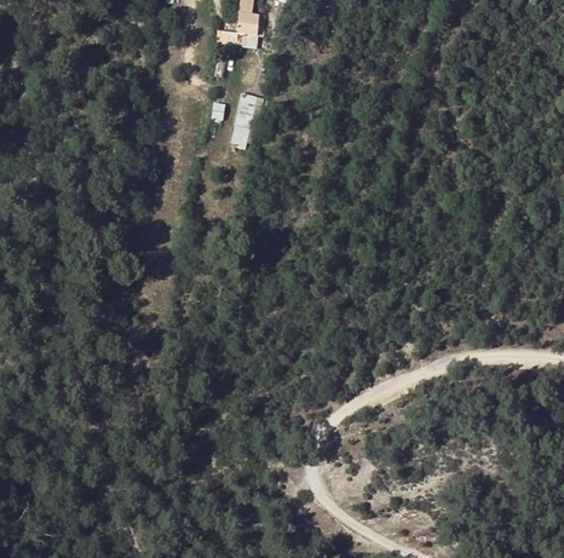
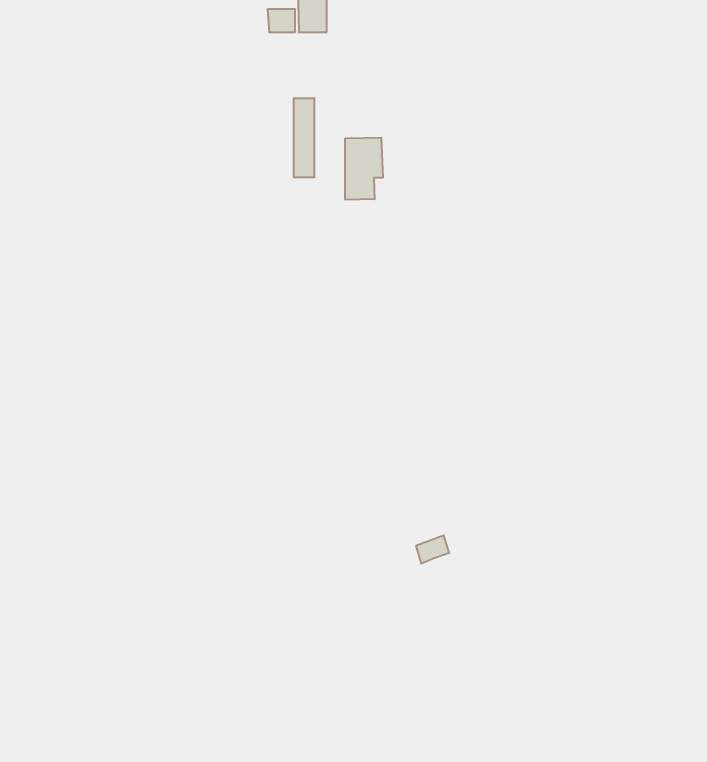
building: none -> [345,138,383,200]

